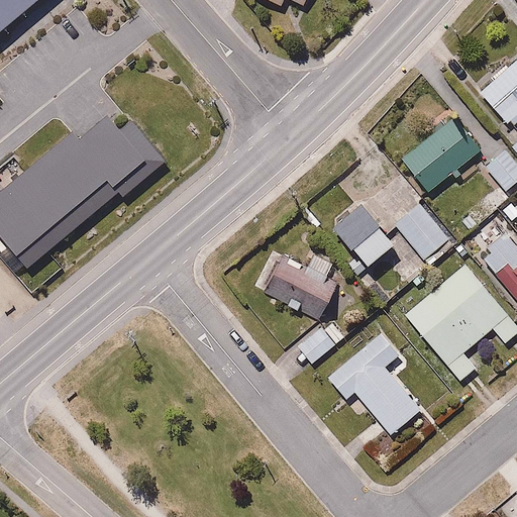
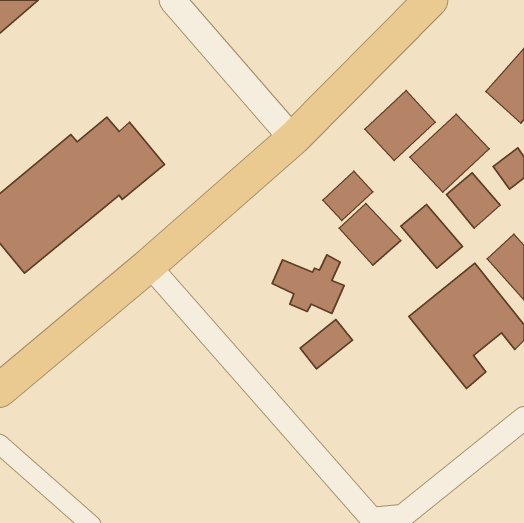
building: none -> [365,91,435,161]
building: none -> [323,171,373,221]
building: none -> [446,173,500,228]
building: [329,331,421,434] -> none

